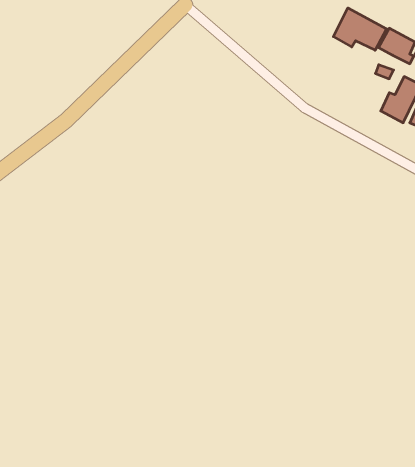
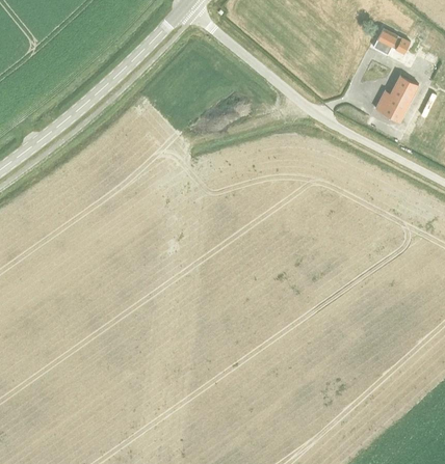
building: [333,8,386,50] -> none

